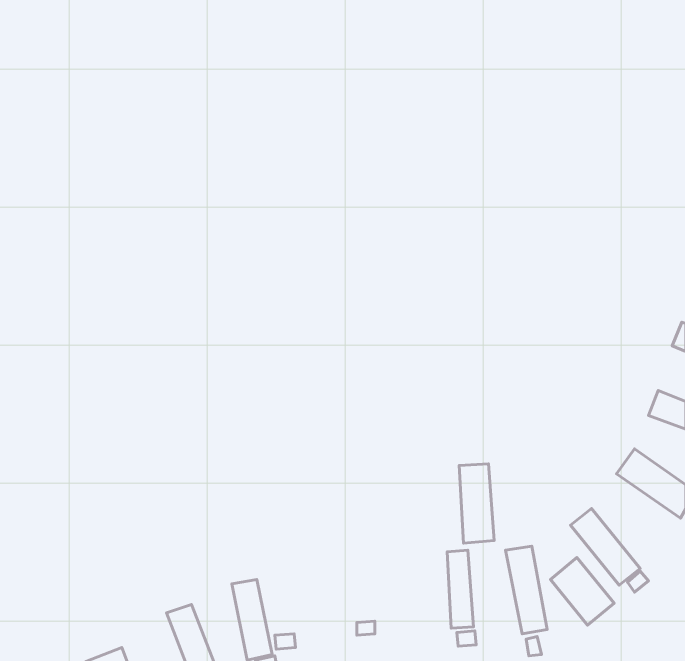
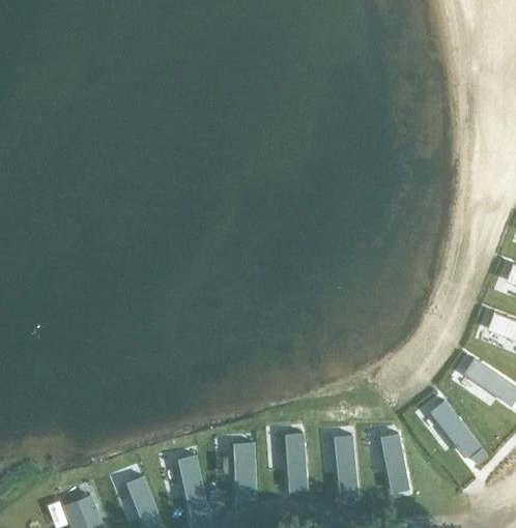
building: [459,464,494,543] -> [284,430,310,489]
building: [550,557,614,625] -> none
building: none -> [231,442,253,500]

